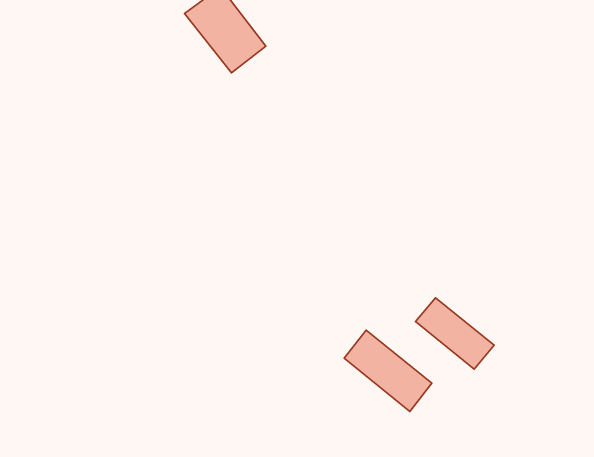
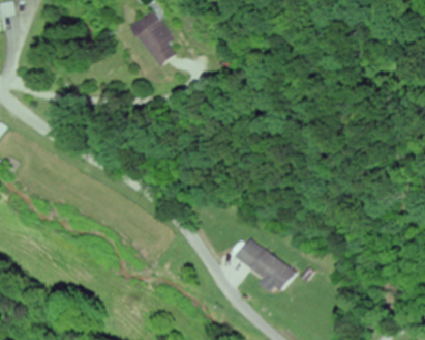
building: [415,298,494,369] -> none

